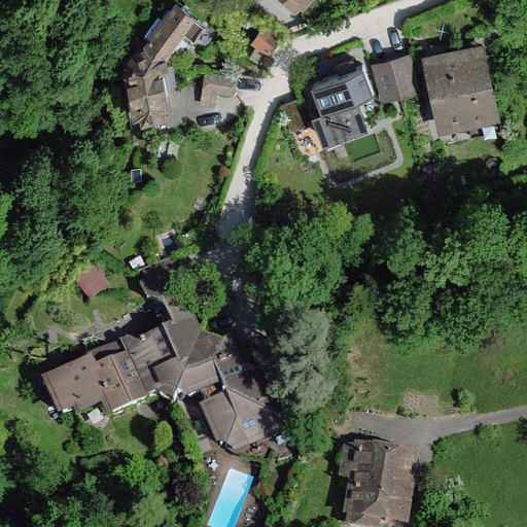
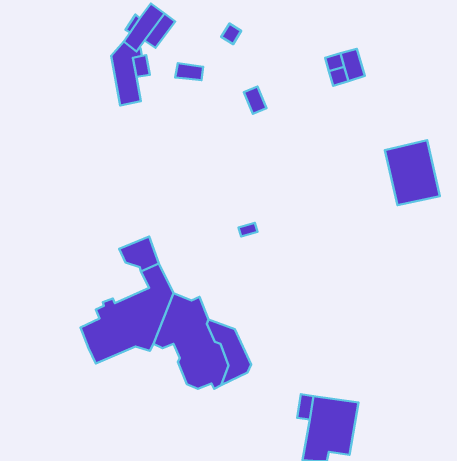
building: [426,48,489,122] -> [385,140,440,205]
building: [310,65,368,138] -> none
building: [45,353,113,415] -> none

